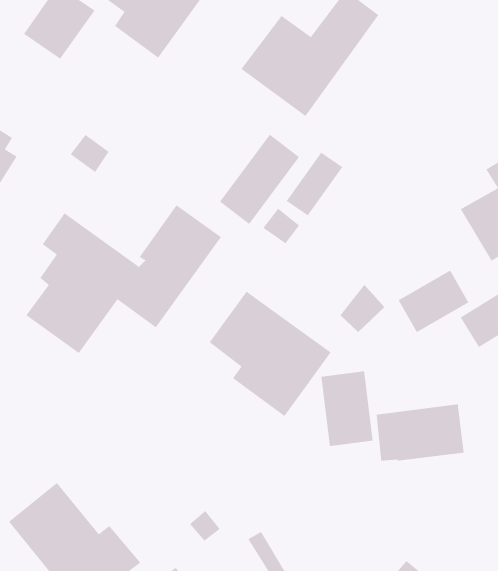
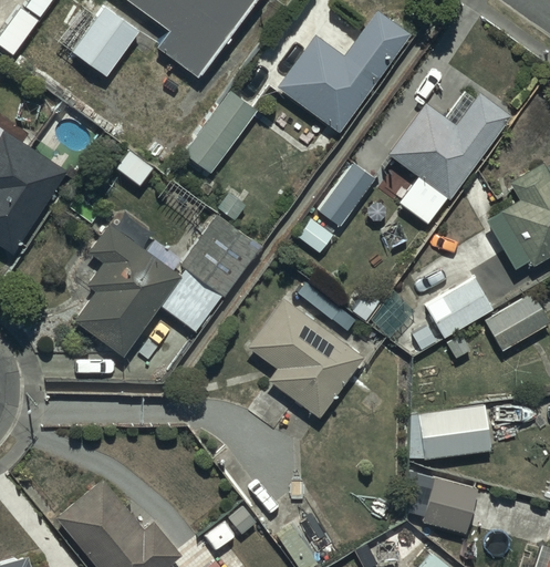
building: none -> [388,91,509,225]
building: [219,134,300,225] -> [181,90,258,176]
building: [321,371,373,447] -> none
building: none -> [423,477,477,534]

